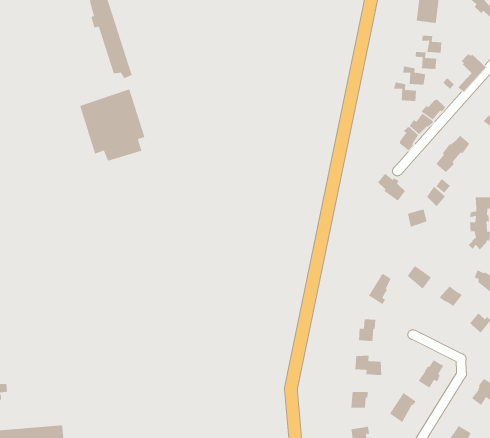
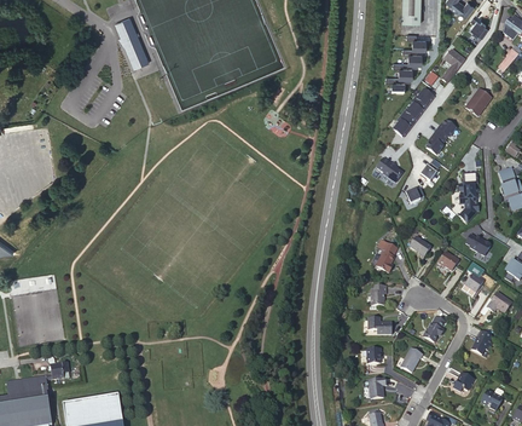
building: [80,89,145,161] -> none

